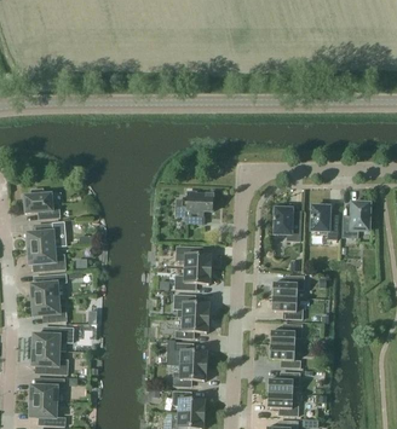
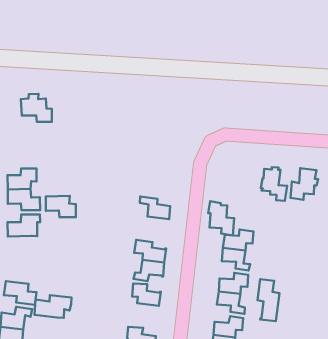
building: [23,187,59,219] -> [21,94,52,122]
building: [177,191,213,222] -> none
building: [271,204,300,240] -> [208,201,234,236]
building: [174,267,209,290] -> none
building: [31,297,67,321] -> [46,196,76,217]
building: [33,326,73,350] -> [34,295,72,318]
building: none -> [258,279,279,321]
building: [173,364,205,385] -> none

